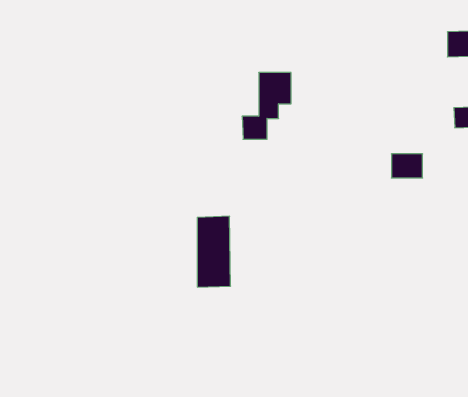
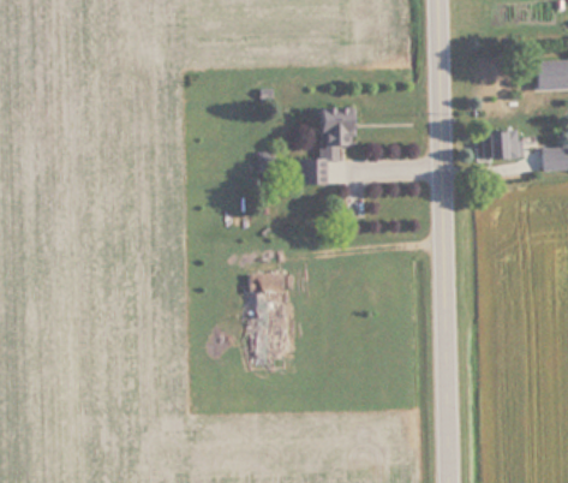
building: [391,154,423,178] -> [486,131,522,159]

